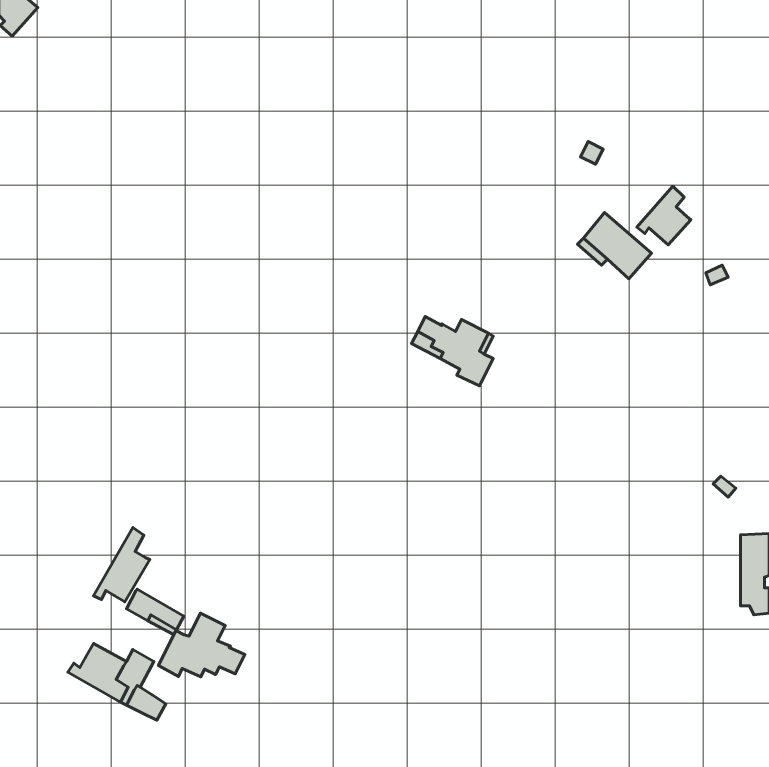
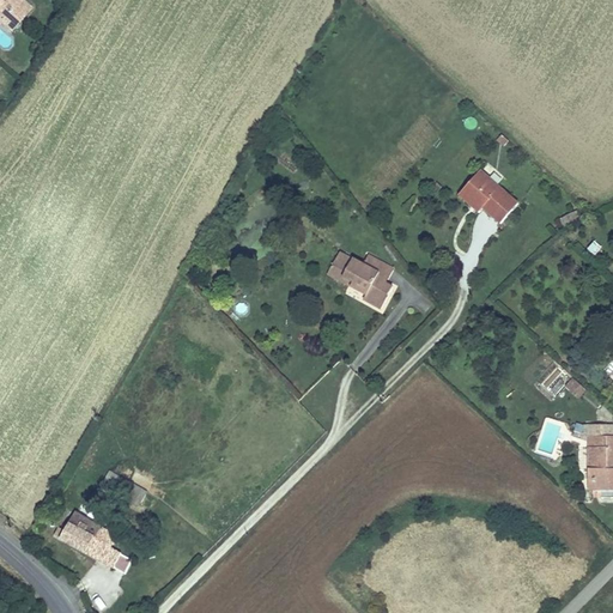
building: [637,186,691,245] -> none
building: [94,527,150,602] -> none
building: [158,613,245,677] -> none

